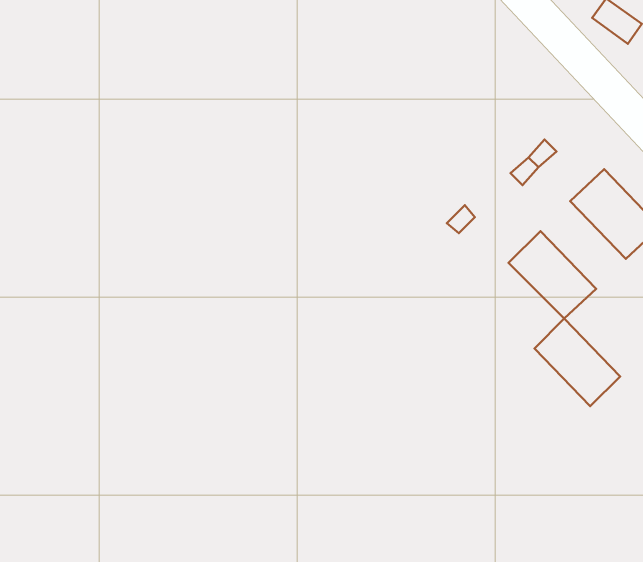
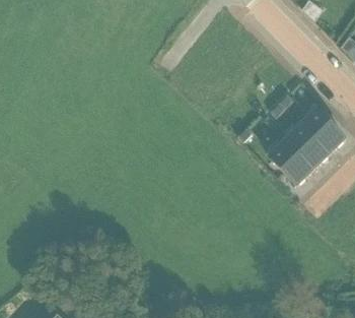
building: [534,319,620,406] -> [284,125,328,170]

